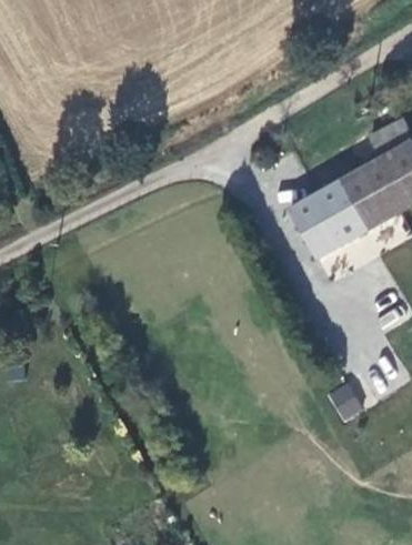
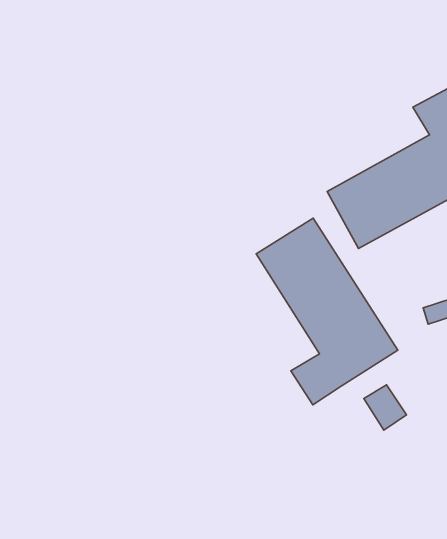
building: none -> [256,218,398,405]

